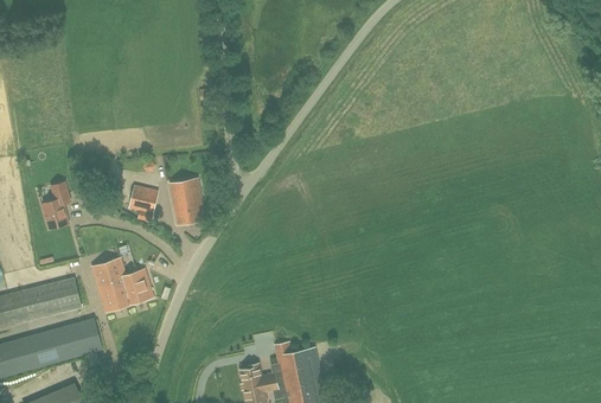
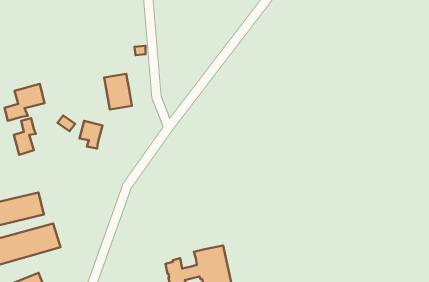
building: none -> [4,84,44,121]
building: [168,178,204,224] -> [104,74,132,110]
building: [92,257,152,311] -> none

